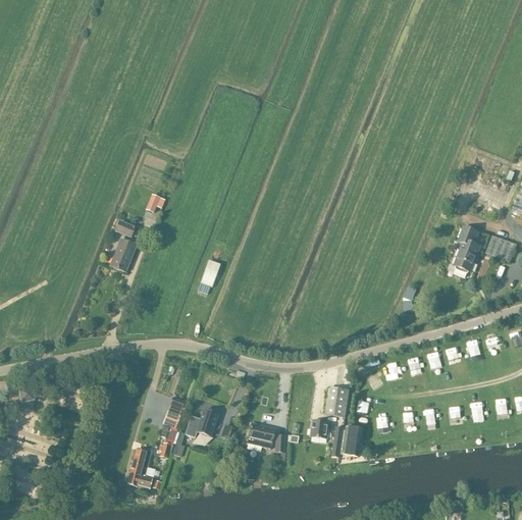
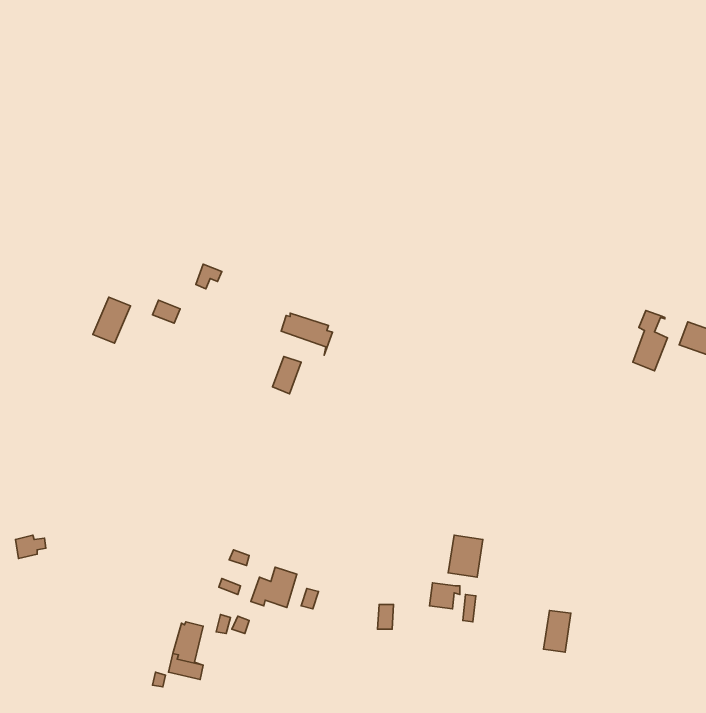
building: none -> [281,313,332,355]
building: [109,239,136,271] -> [93,297,130,343]
building: [246,423,274,449] -> none
building: [343,426,362,456] -> [544,610,571,652]

